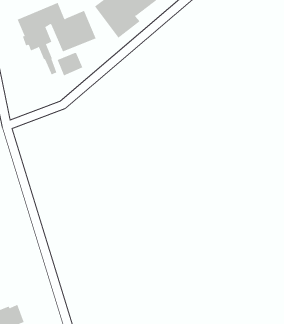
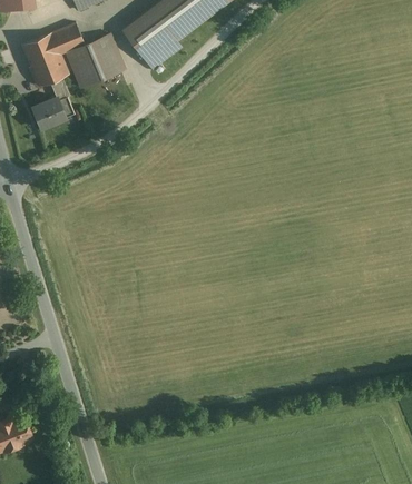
building: [57,52,83,76] -> [32,98,67,129]

